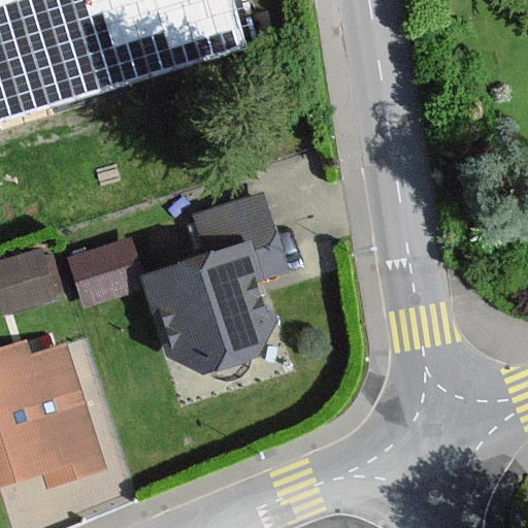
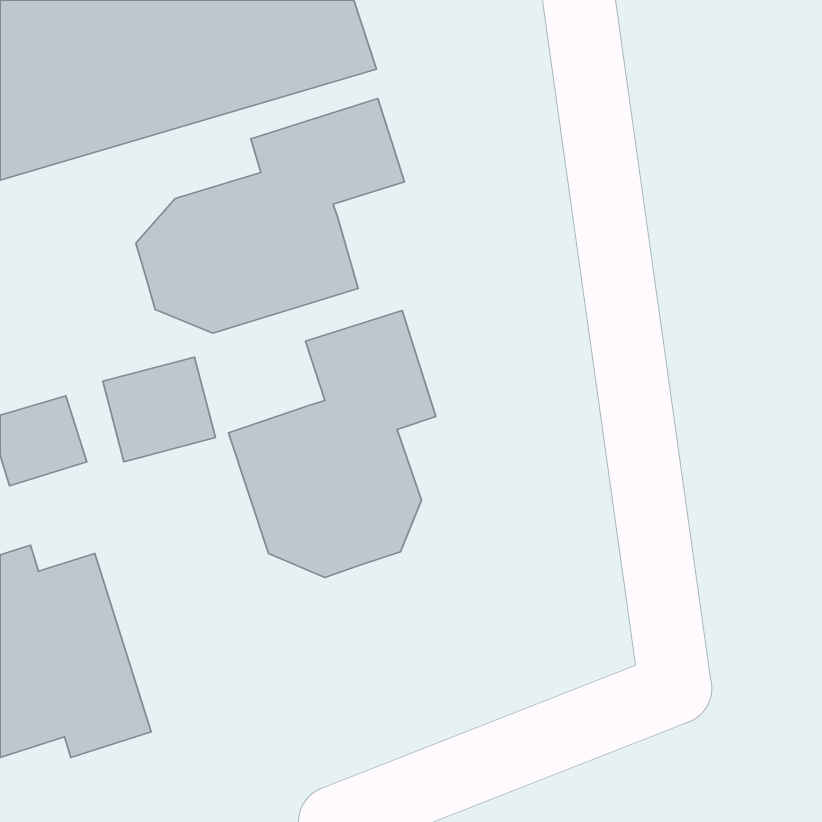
building: none -> [136,98,405,333]

